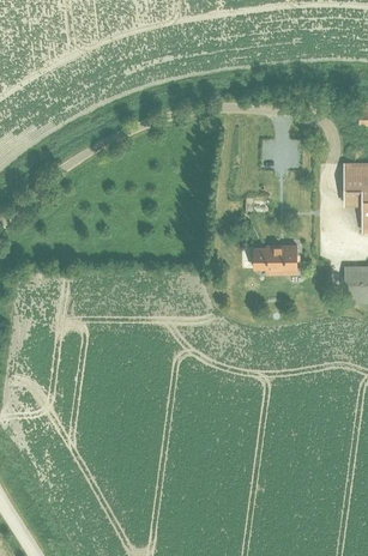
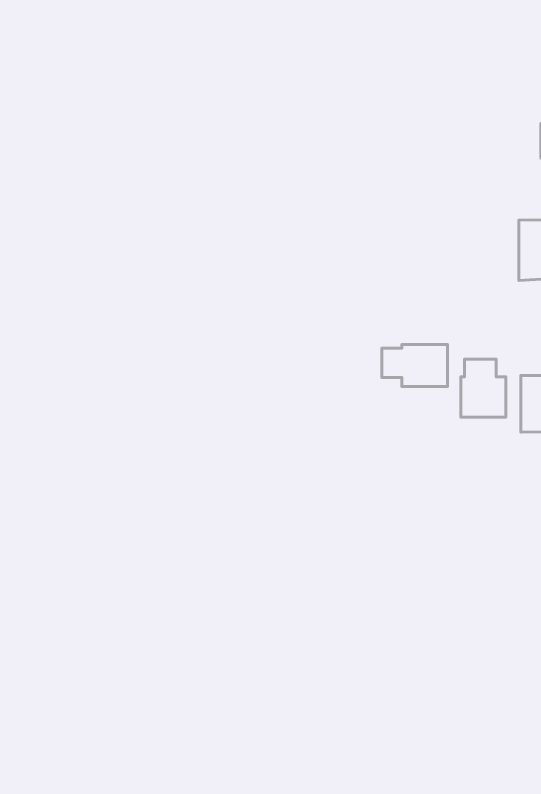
building: none -> [461,359,506,417]

